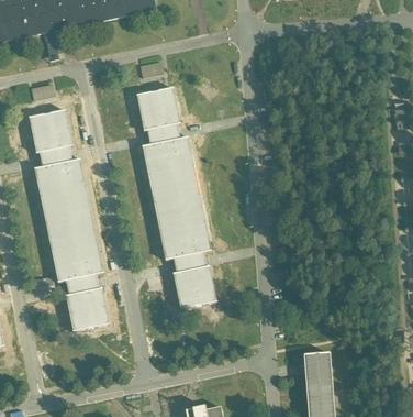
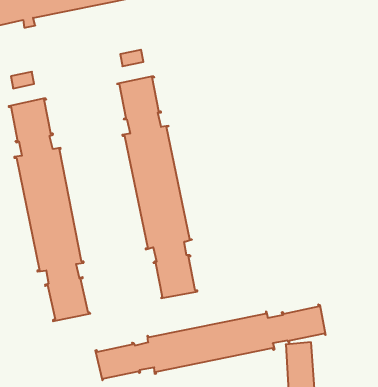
building: none -> [95,304,326,380]

